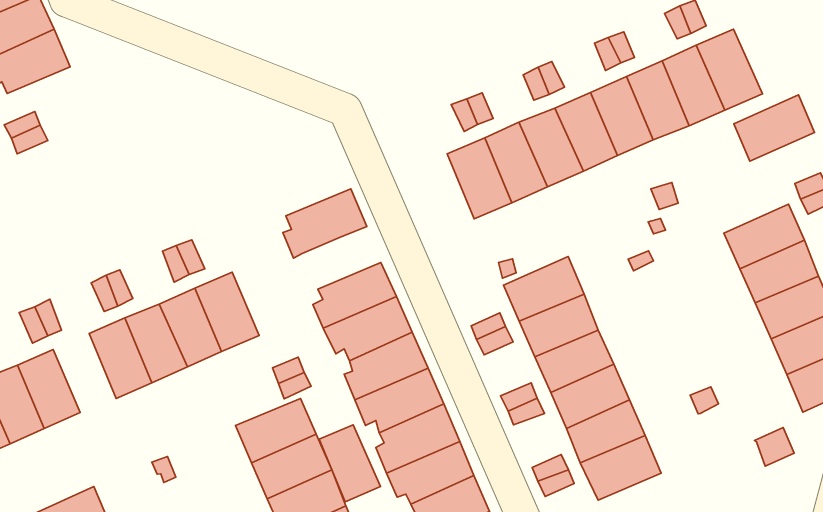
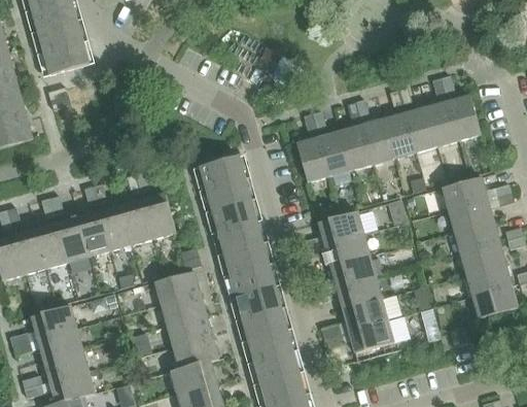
building: [734,95,815,161] -> [443,176,488,210]
building: none -> [202,178,251,210]
building: none -> [58,217,90,262]
building: [319,425,381,502] -> none

